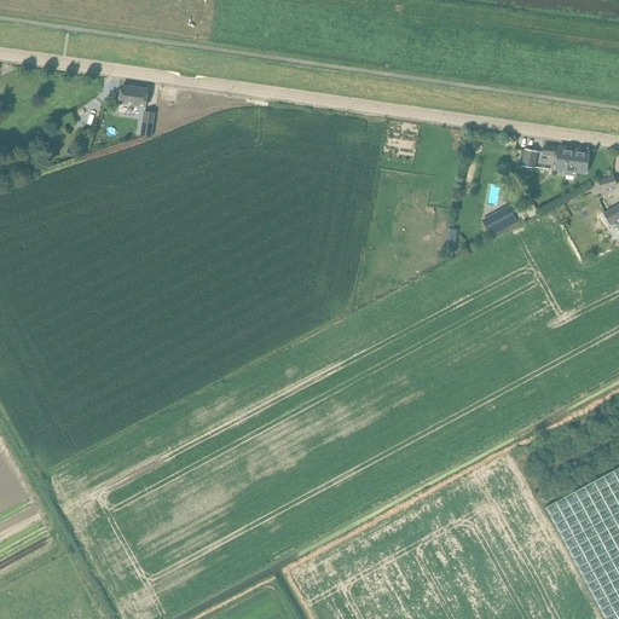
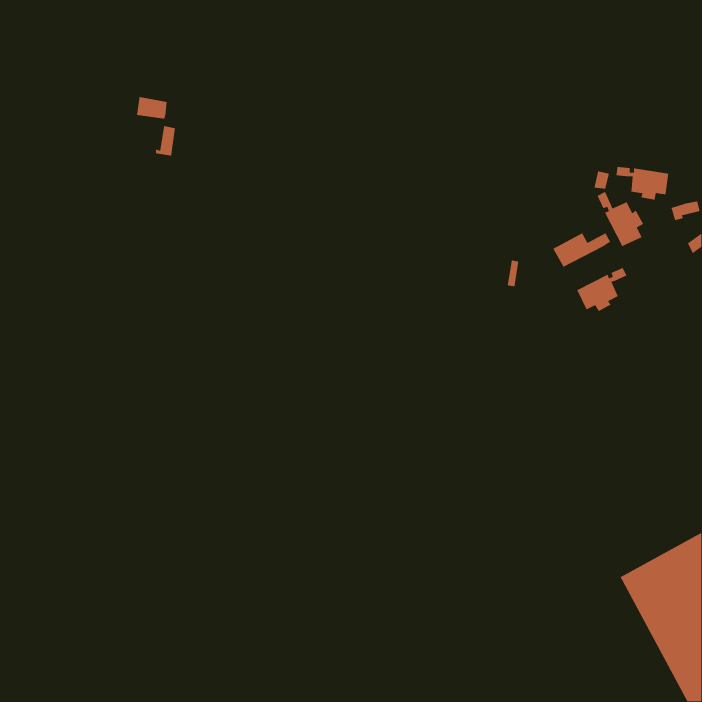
building: none -> [596,191,644,247]
building: none -> [576,267,628,312]

